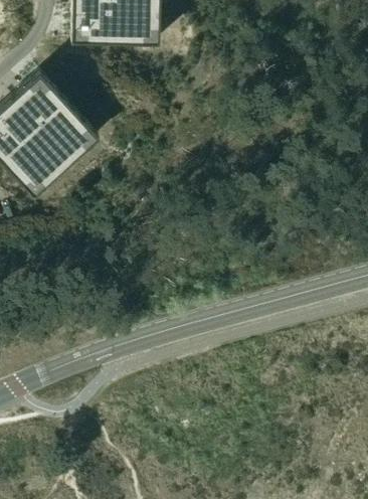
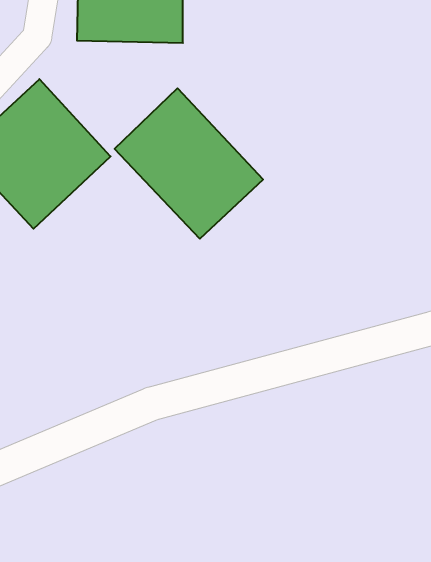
building: none -> [115,88,263,239]

